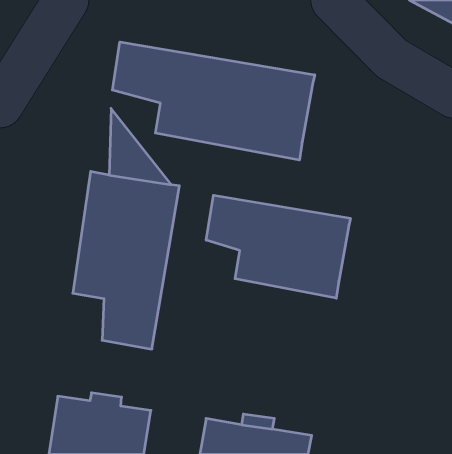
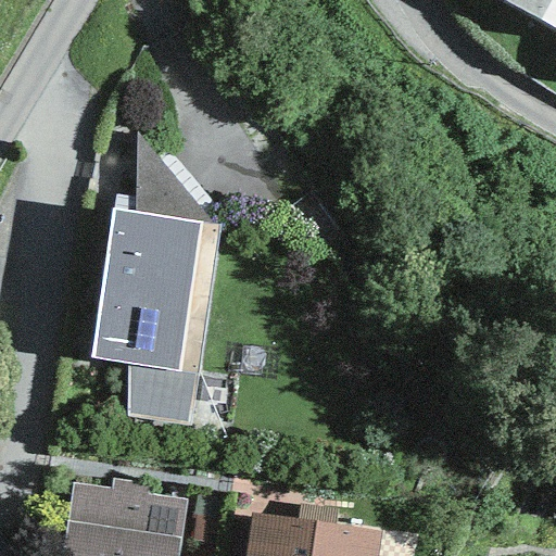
building: [112,42,315,160] -> none
building: [206,195,350,298] -> none

